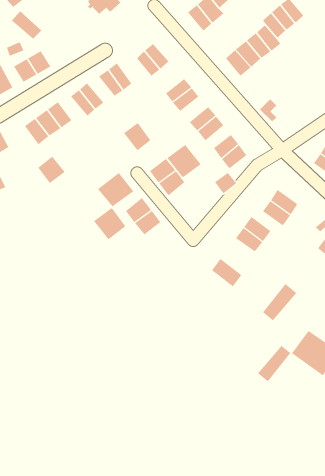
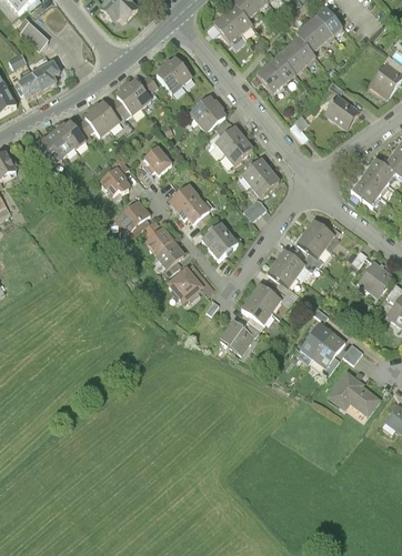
building: none -> [323,95,360,130]
building: [167,144,202,178] -> [200,221,239,259]
building: [38,156,66,184] -> [100,166,131,198]
building: [93,207,126,240] -> [165,265,202,302]
building: none -> [249,282,283,313]
building: none -> [219,319,254,354]
building: [257,345,291,382] -> [308,333,345,374]

